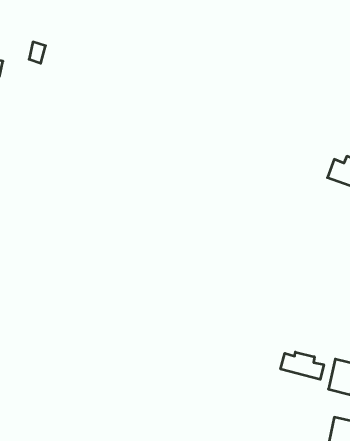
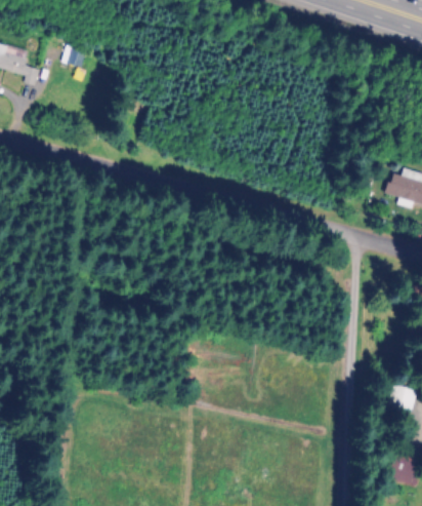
building: [281,352,324,379] -> none

